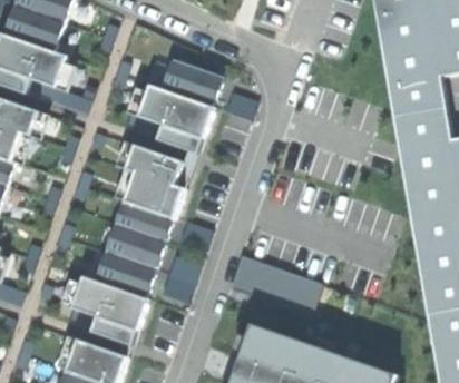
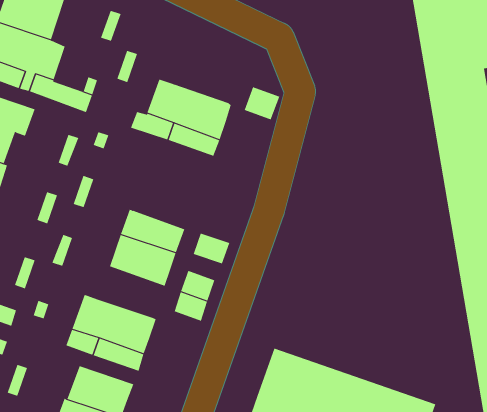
building: [163,58,222,105] -> none
building: [126,145,186,217] -> none
building: [95,251,155,296] -> none
building: [228,254,321,315] -> none

